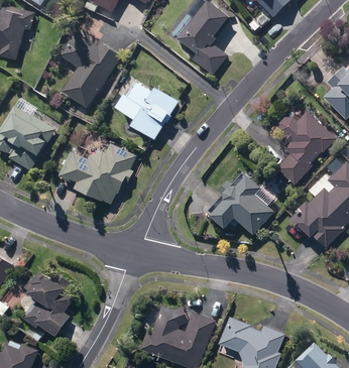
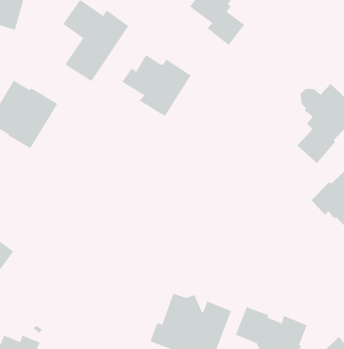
building: [59,144,136,205] -> none
building: [209,172,274,234] -> none
building: [23,268,75,335] -> none

